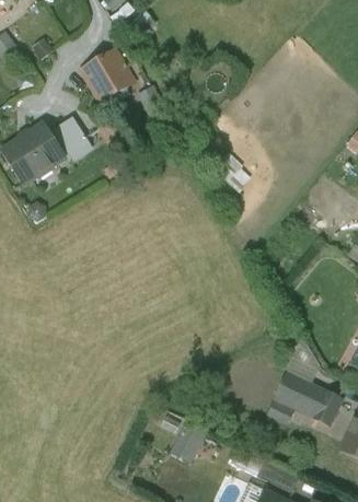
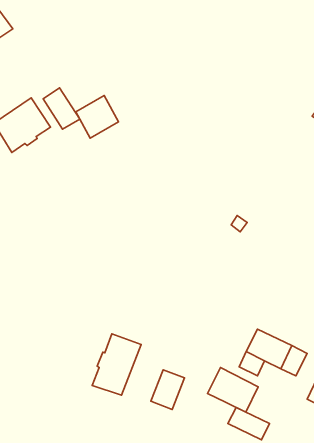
building: [83,50,129,96] -> [76,96,118,138]
building: none -> [92,334,141,395]
building: none -> [207,368,258,412]

